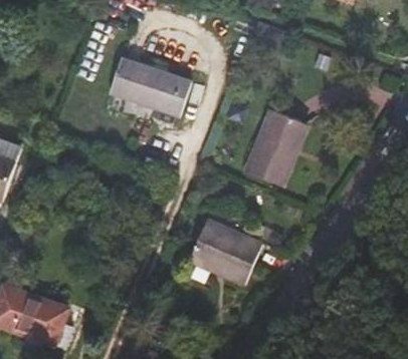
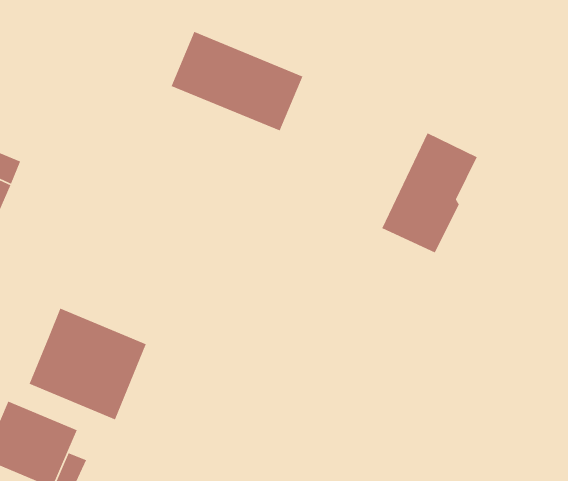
building: [190,221,261,285] -> none
building: none -> [28,307,147,421]

